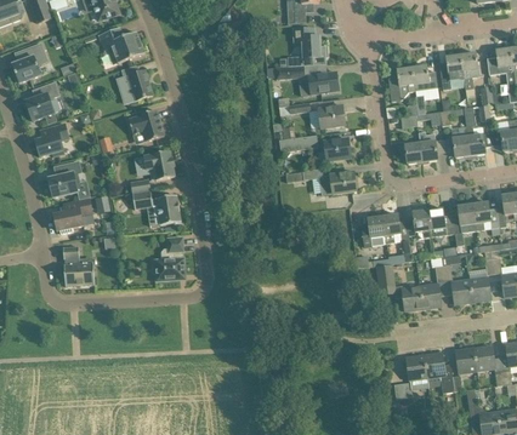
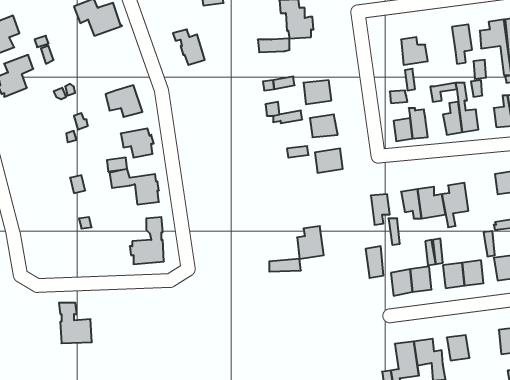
building: [438,53,464,88] -> none
building: [121,64,152,98] -> [173,29,205,65]
building: [387,65,414,101] -> none
building: [300,70,339,95] -> none
building: [35,122,68,155] -> none
building: [47,160,80,196] -> none
building: [53,196,91,233] -> none
building: [472,200,499,234] -> none
building: [360,214,386,246] -> [297,226,324,259]
building: [62,246,93,285] -> [59,303,92,343]
building: [473,344,504,384] -> none

